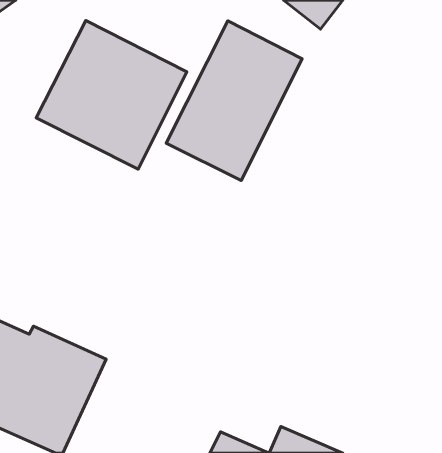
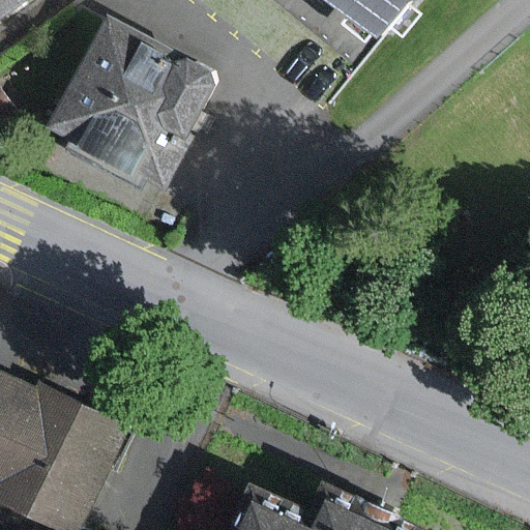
building: [166,21,302,181] -> none

